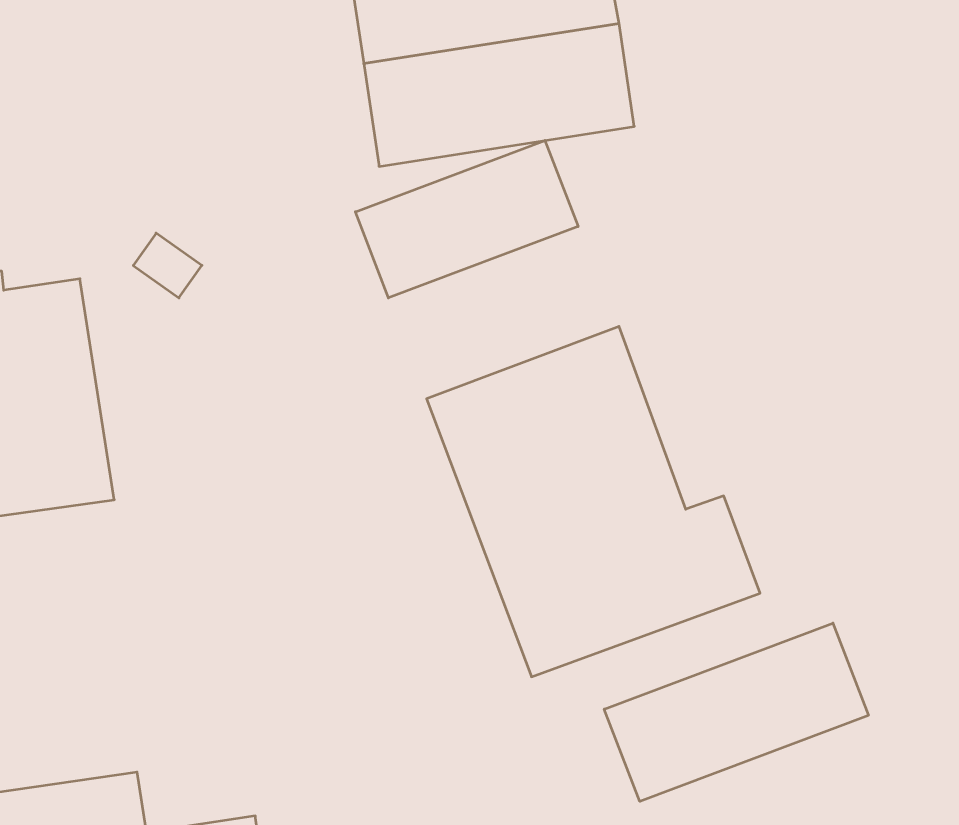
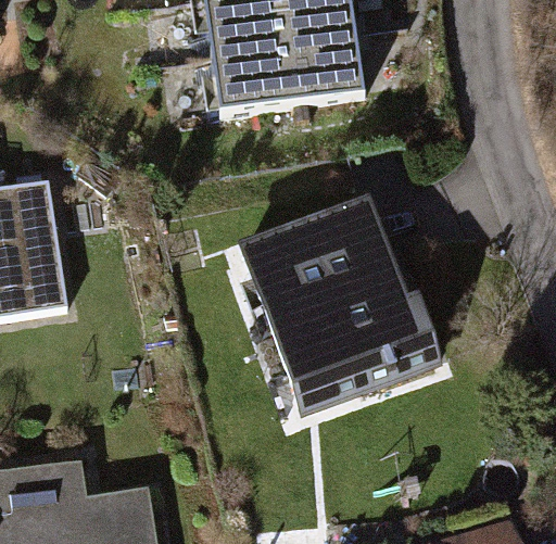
building: [355,140,578,298] -> none
building: [604,623,868,801] -> none

